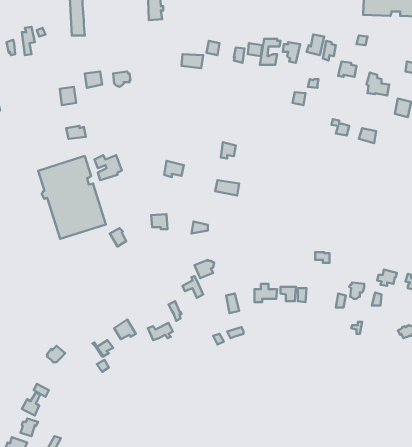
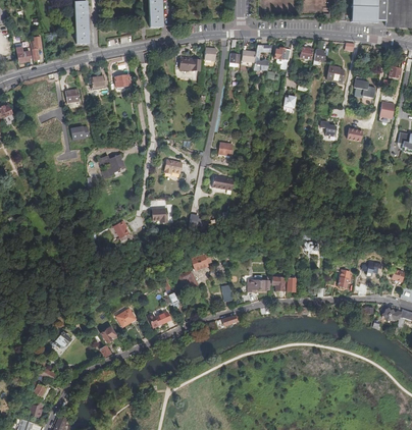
building: [38,156,106,239] -> none

